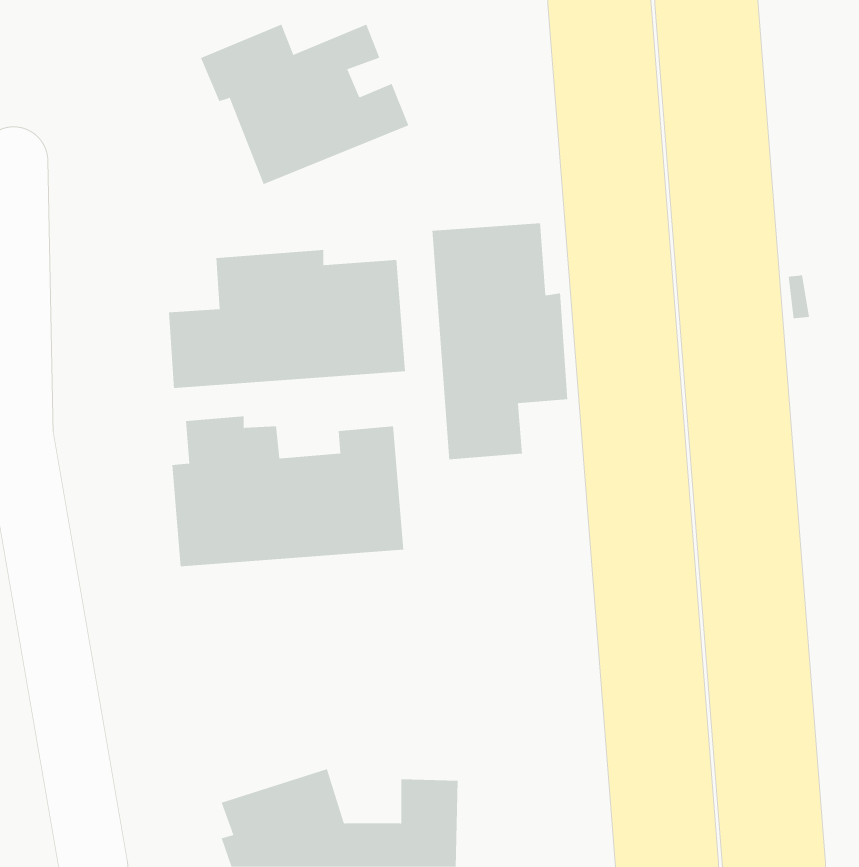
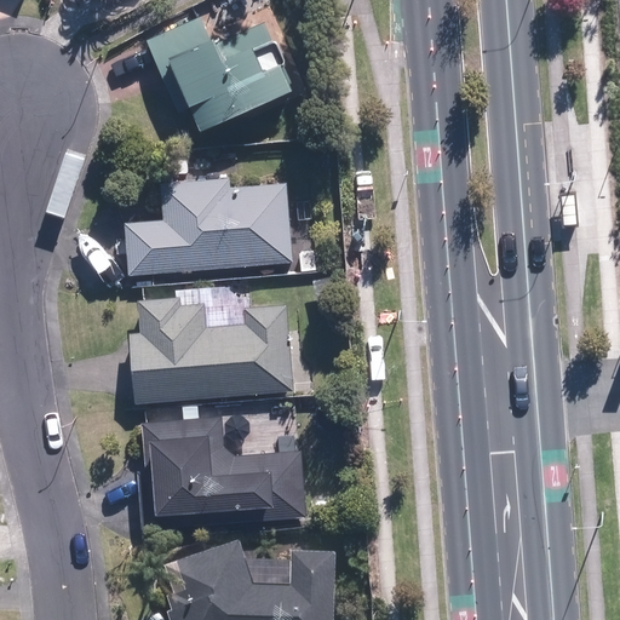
building: [432,223,568,460] -> none
building: none -> [145,418,305,516]

